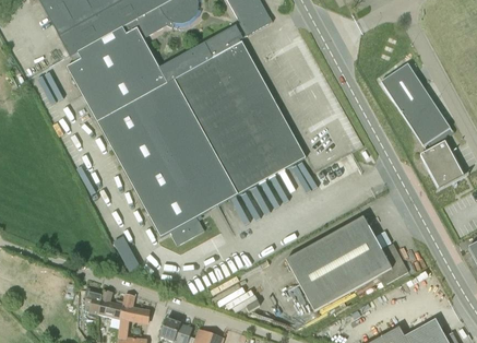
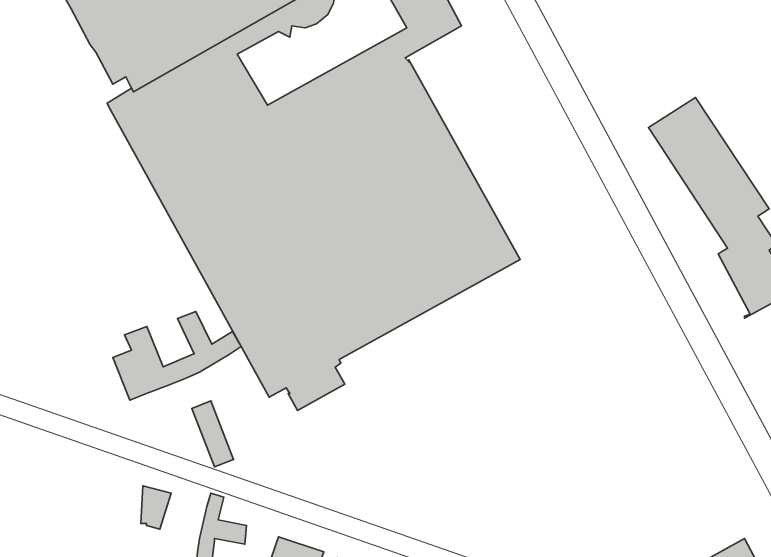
building: none -> [113,311,241,400]
building: [285,215,408,310] -> none
building: [97,288,124,318] -> none

